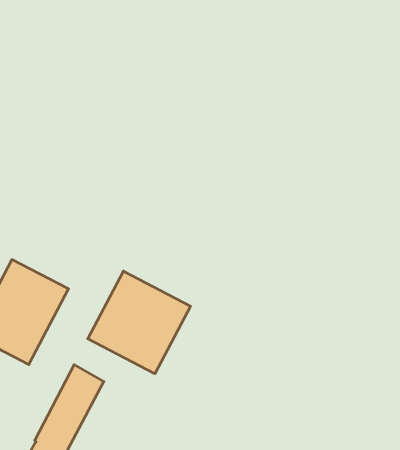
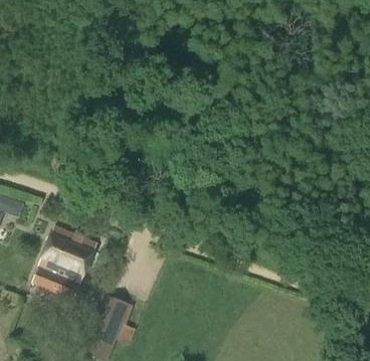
building: [88,271,190,374] -> none

